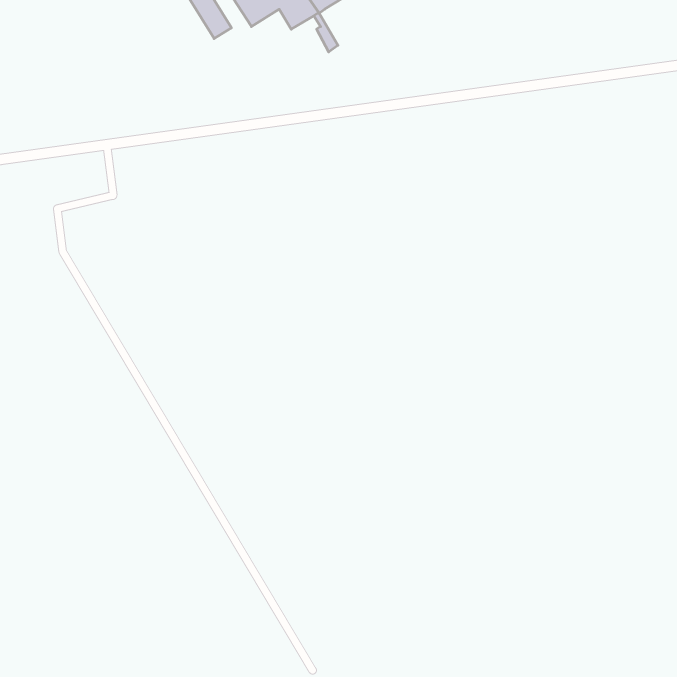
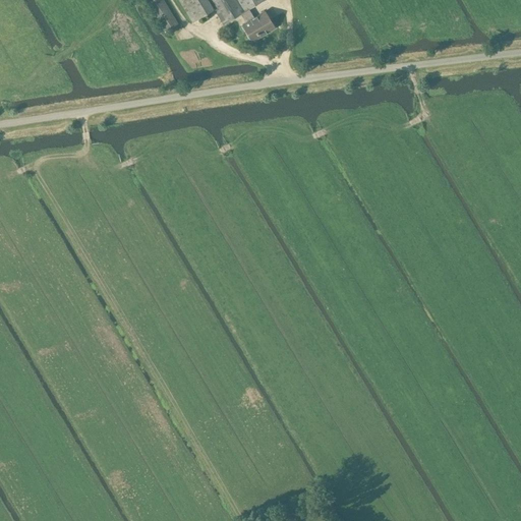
building: none -> [246,7,276,35]

